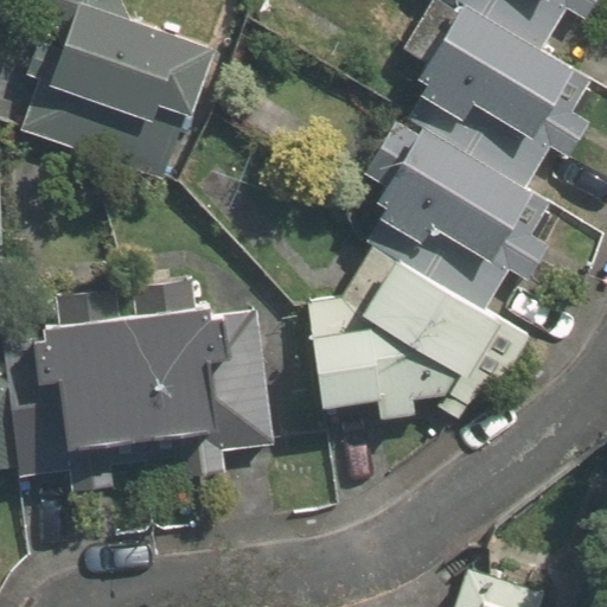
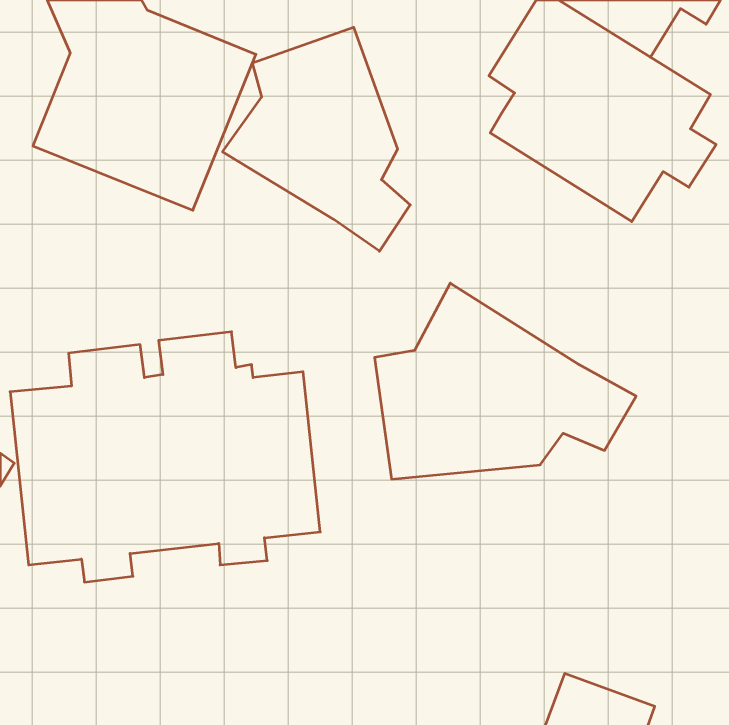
building: none -> [223,27,410,251]
building: [362,115,550,307] -> none

